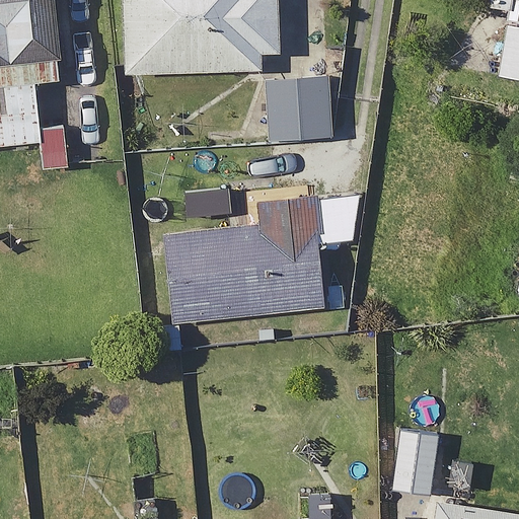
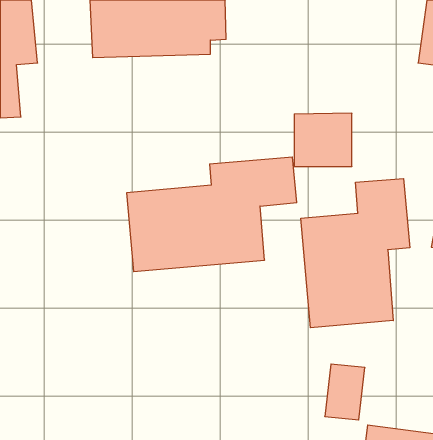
building: [267,78,333,140] -> [294,113,352,166]
building: none -> [301,179,410,328]

